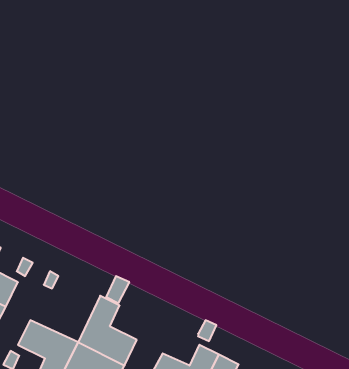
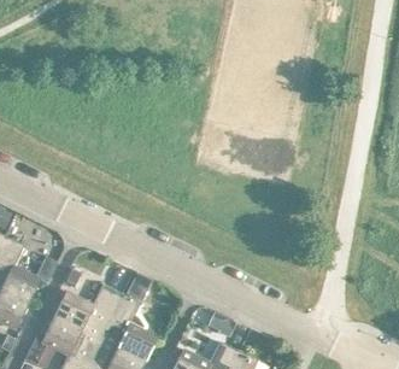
building: none -> [53,283,122,339]

